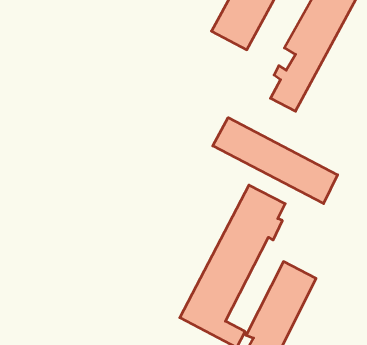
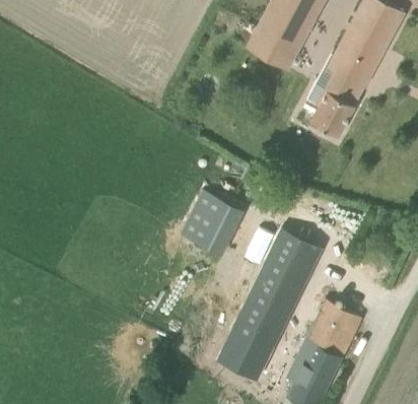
building: [213,118,338,204] -> none
building: none -> [182,189,249,256]

